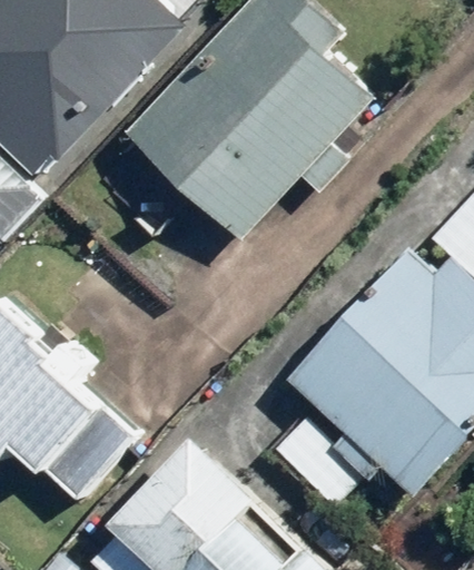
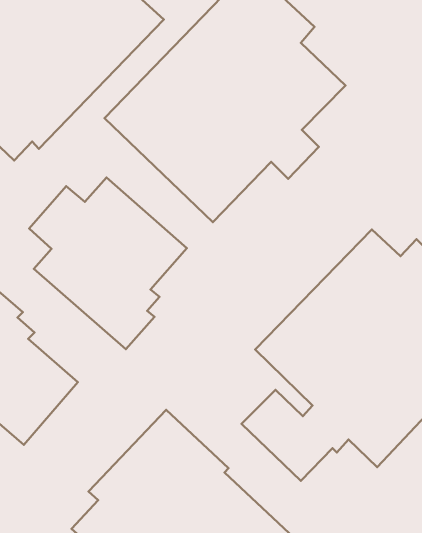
building: none -> [29,178,187,349]

